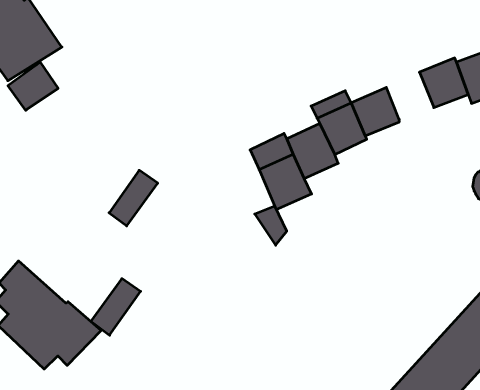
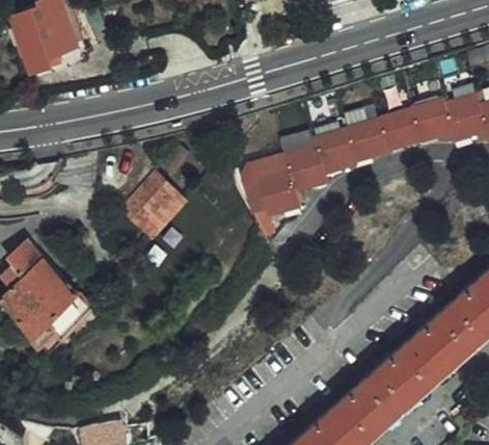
building: [8,62,58,110] -> none
building: none -> [378,108,418,149]
building: [91,279,141,335] -> [131,182,179,232]

